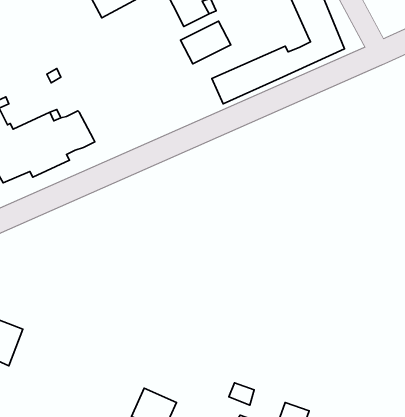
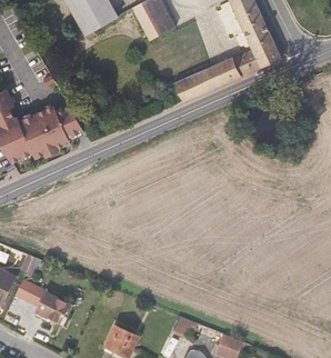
building: [181,21,231,64] -> none
building: none -> [23,280,77,327]

